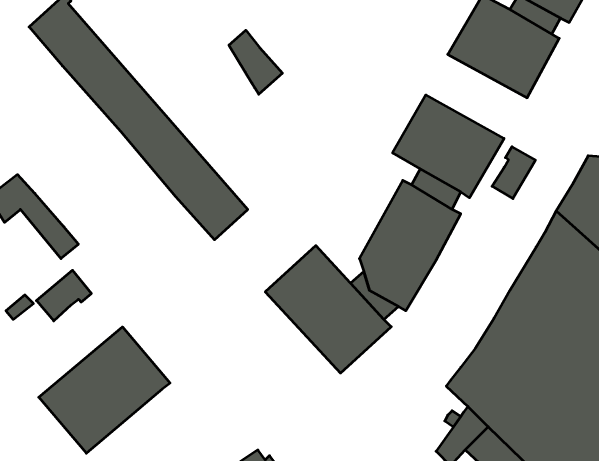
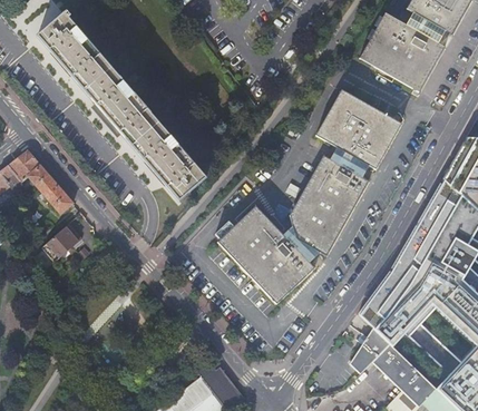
building: [229,30,282,94] -> none
building: [492,147,535,199] -> none
building: [39,327,170,453] -> none

